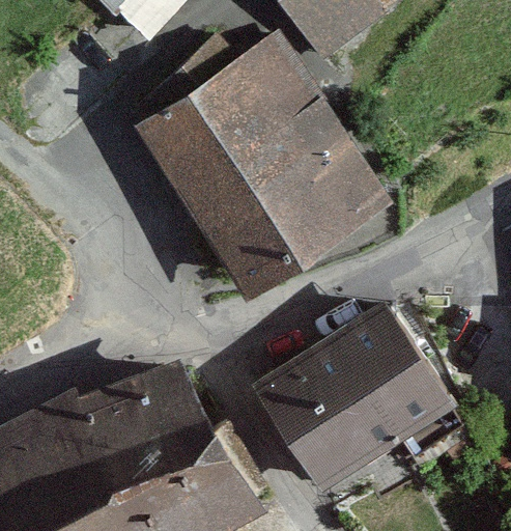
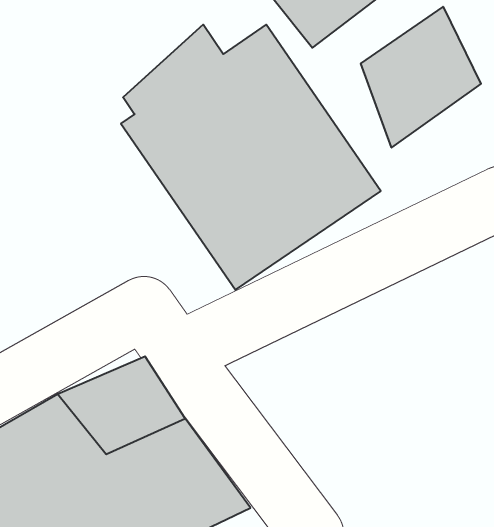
building: none -> [361,7,481,148]
building: [260,302,471,483] -> none

